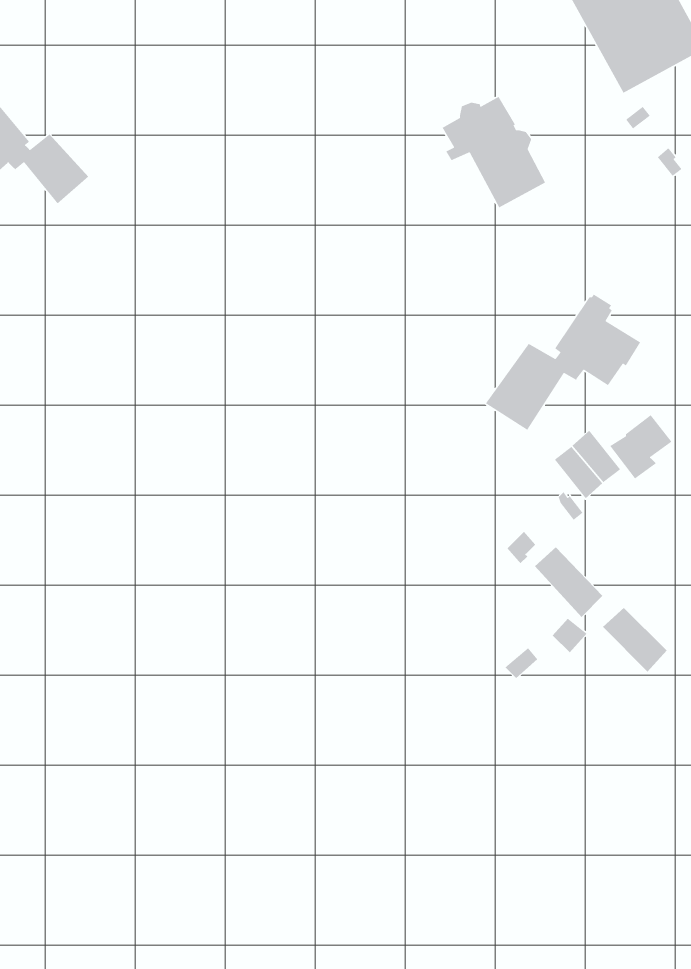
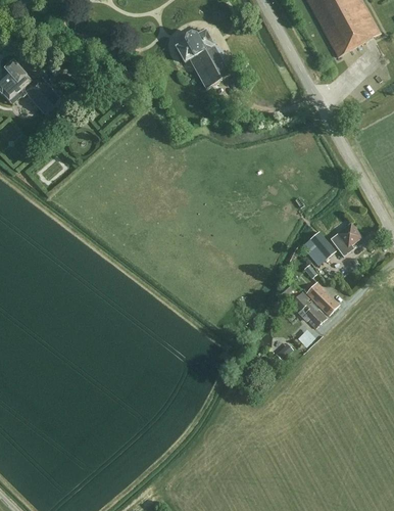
building: [441,96,546,208] -> [177,30,231,88]
building: [485,294,641,431] -> none
building: [602,607,667,672] -> [306,281,340,315]

